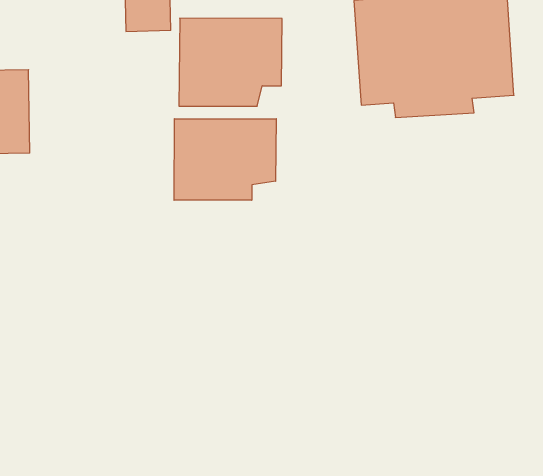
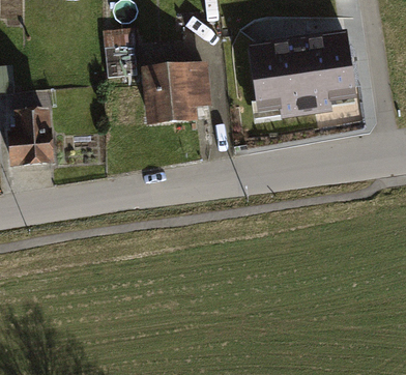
building: [174,119,276,200] -> none

